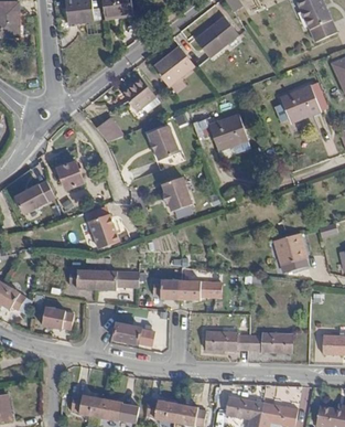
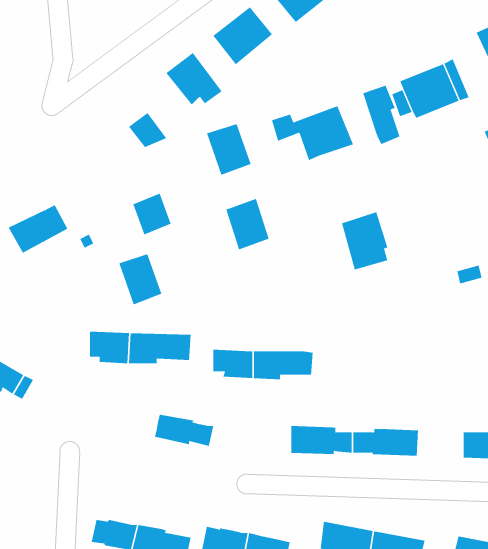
building: none -> [362,85,400,145]
building: [57,161,84,190] -> [132,193,171,235]
building: [274,233,306,273] -> [341,212,388,270]
building: [42,307,74,329] -> none

